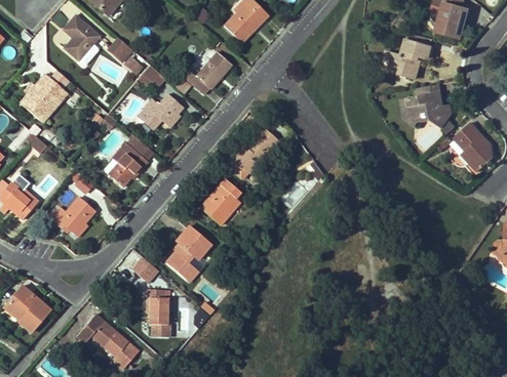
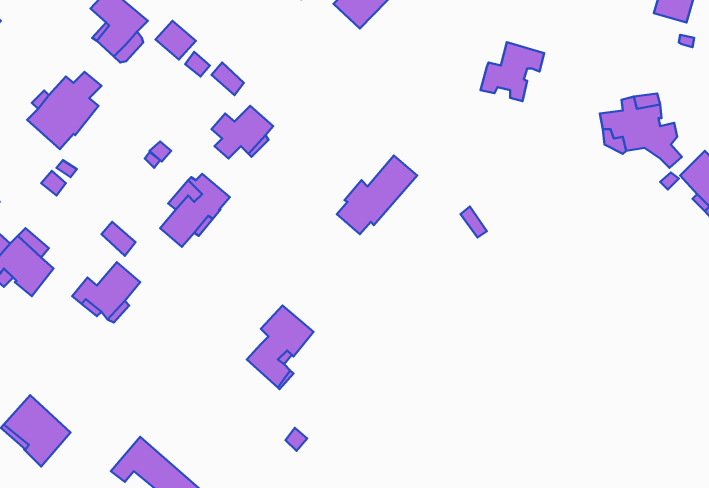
building: [389,40,431,79] -> [481,42,544,101]
building: [183,51,232,93] -> none
building: [200,178,240,224] -> none
building: [130,255,159,283] -> none
building: [147,287,170,324] -> none

